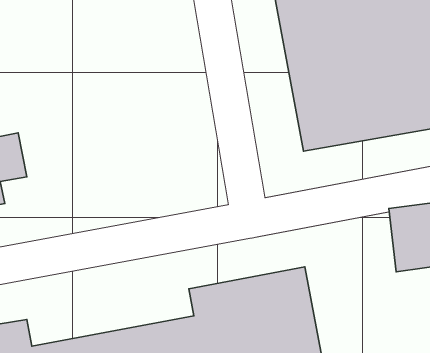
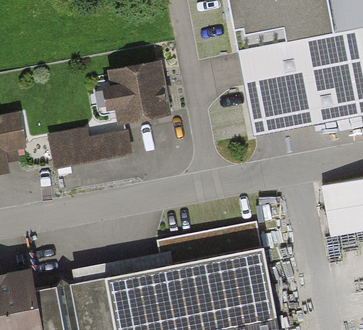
building: none -> [106,63,173,126]
building: none -> [49,132,134,171]

